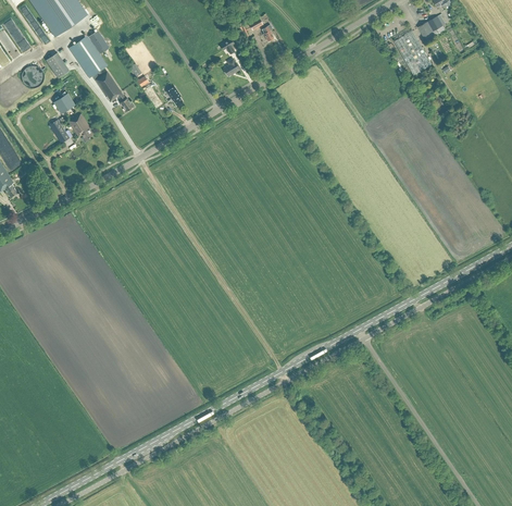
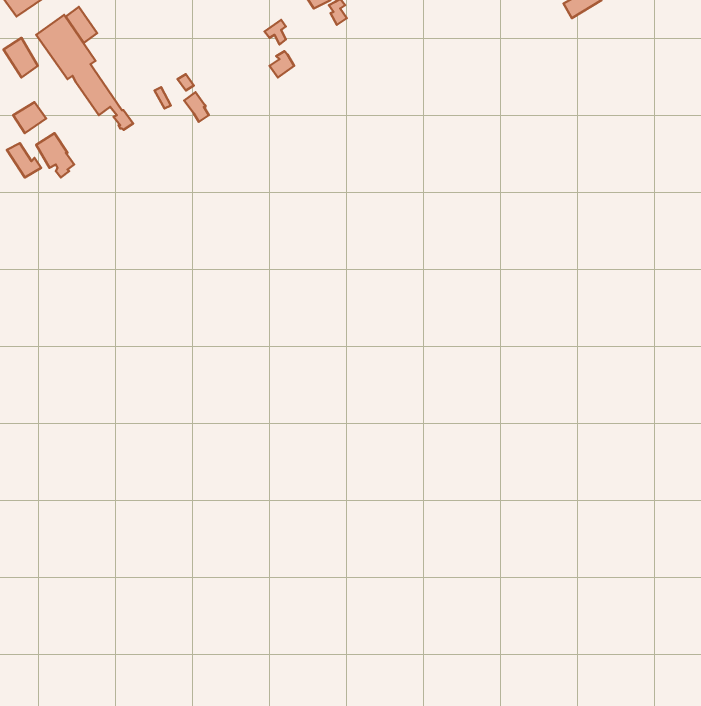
building: [395,30,432,74] -> none

